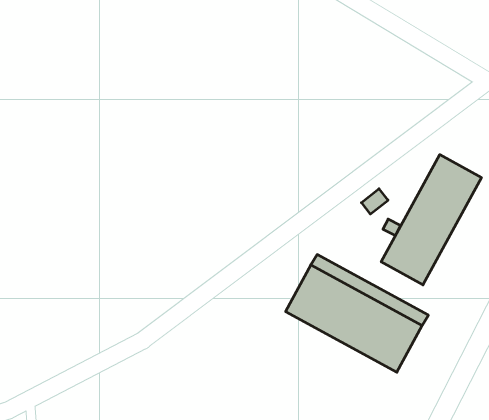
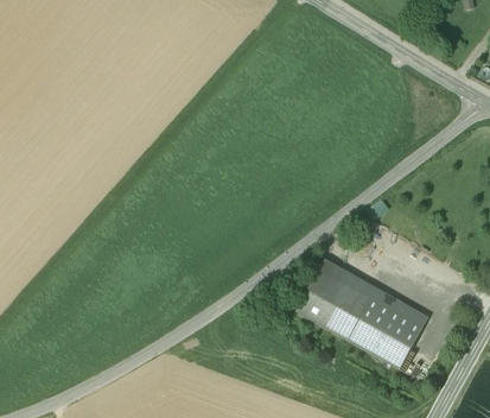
building: [381,155,481,285] -> none

